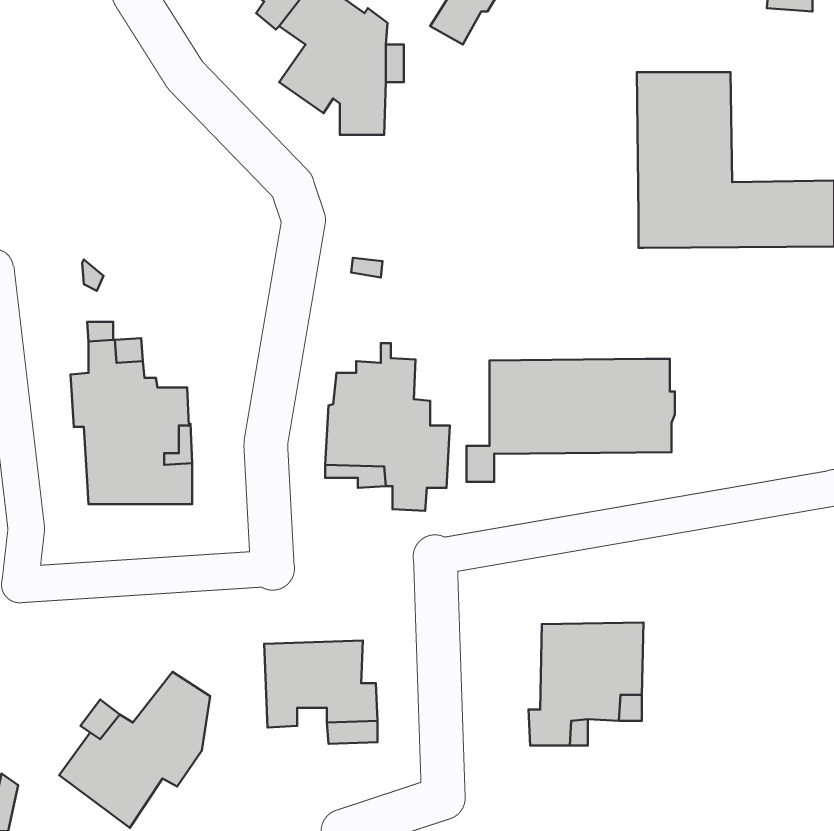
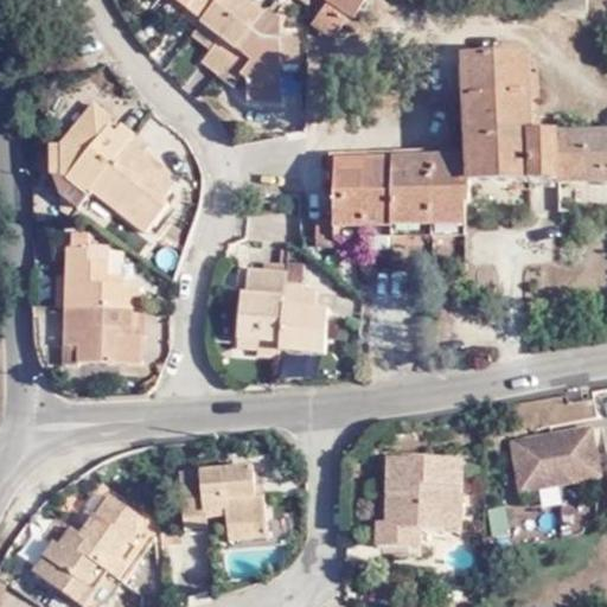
building: none -> [53,100,174,229]
building: [466,359,675,482] -> [314,155,465,244]
building: none -> [506,430,598,497]

